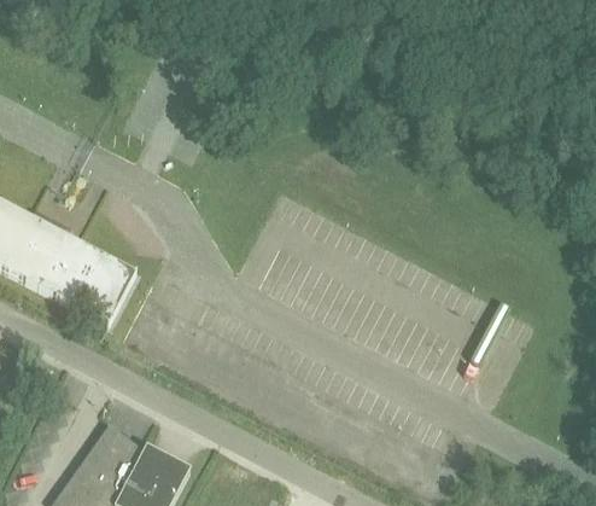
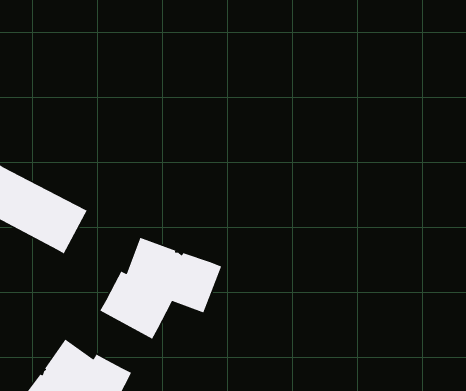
building: none -> [99,237,222,340]

